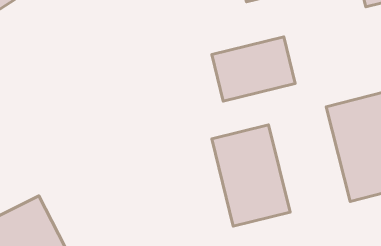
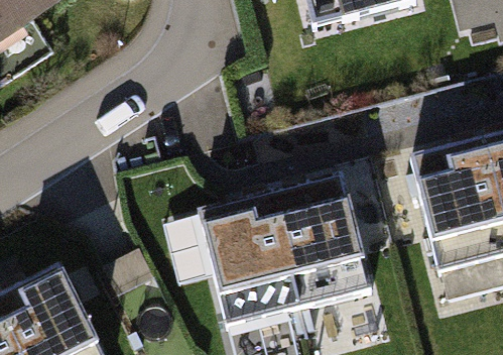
building: [212,37,295,101] -> none
building: none -> [203,199,298,323]

